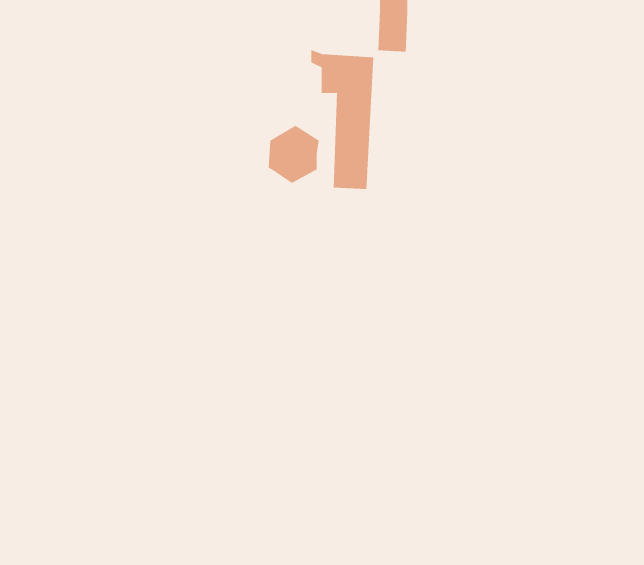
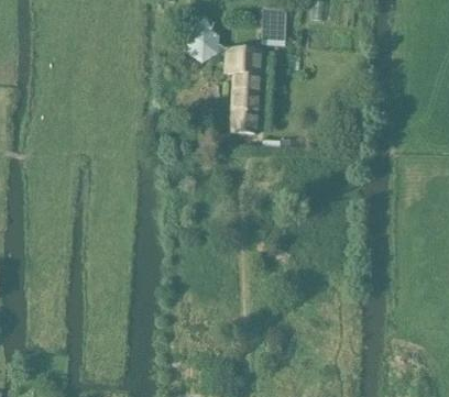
building: [268,125,319,183] -> [187,25,220,63]

